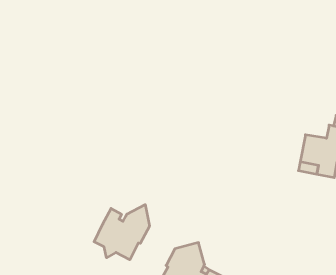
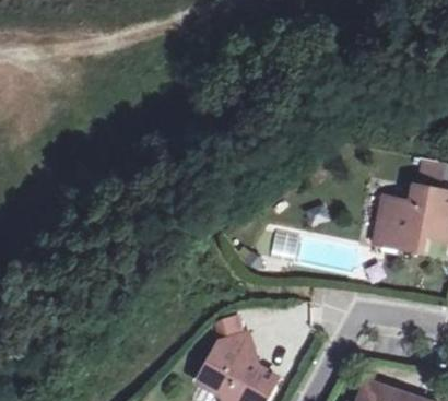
building: [94,205,149,260] -> none

